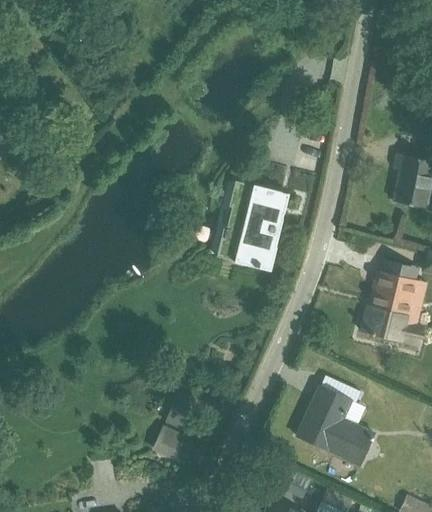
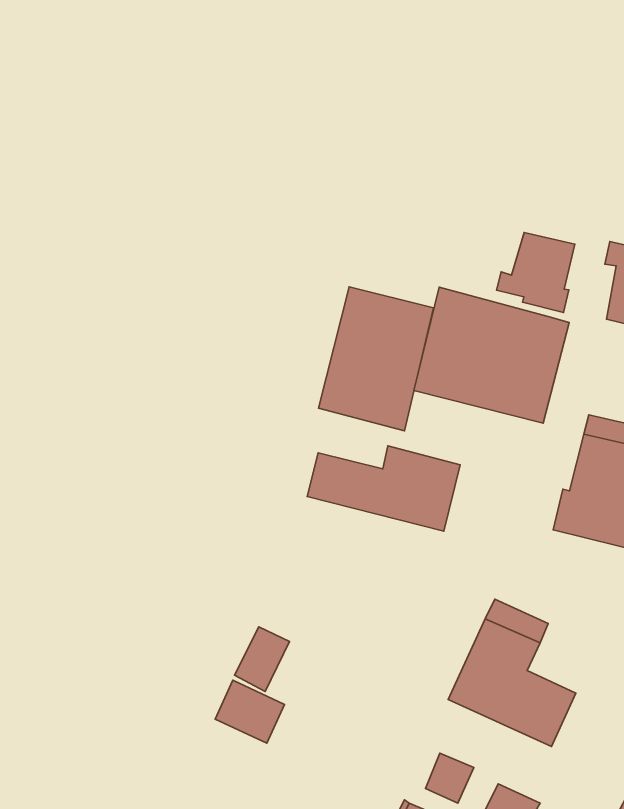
building: none -> [496,233,575,312]
building: none -> [414,287,569,423]
building: none -> [307,446,460,531]

